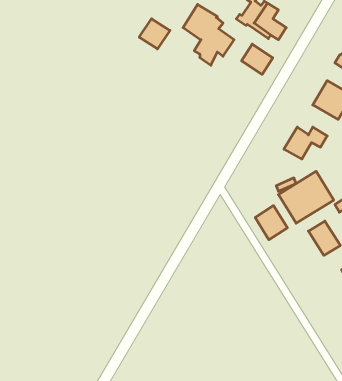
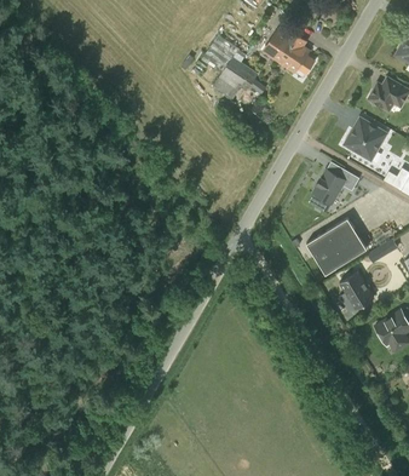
building: [139,19,170,49] -> none
building: [242,44,273,74] -> none
building: [255,206,287,240] -> none

